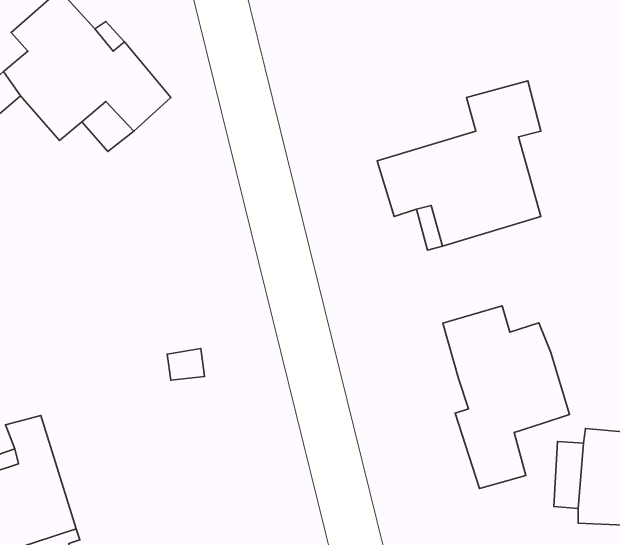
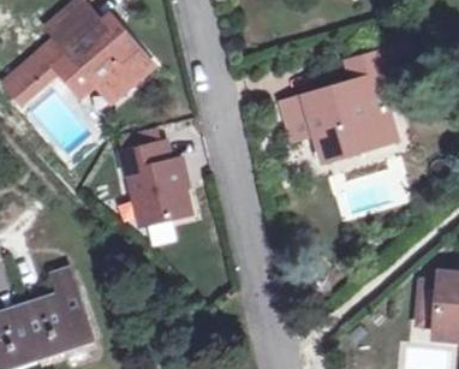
building: none -> [120,139,190,221]
building: [443,306,570,489] -> none

